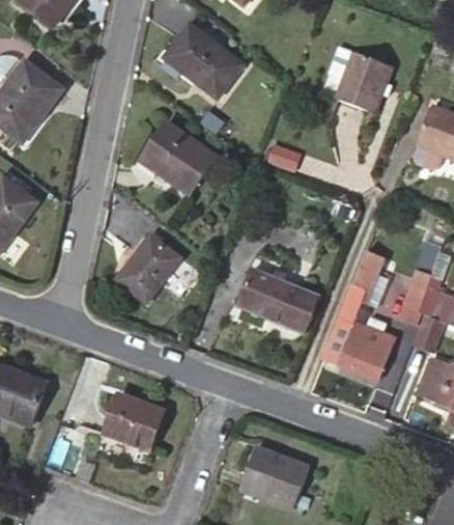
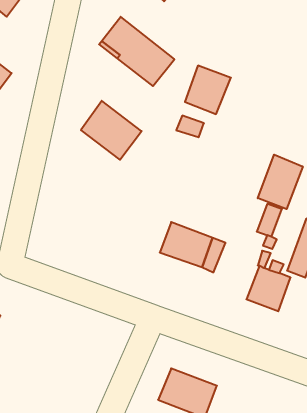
building: [336,51,391,109] -> [185,66,231,114]
building: none -> [258,155,303,209]
building: [116,237,178,304] -> none
building: [108,388,168,444] -> none

